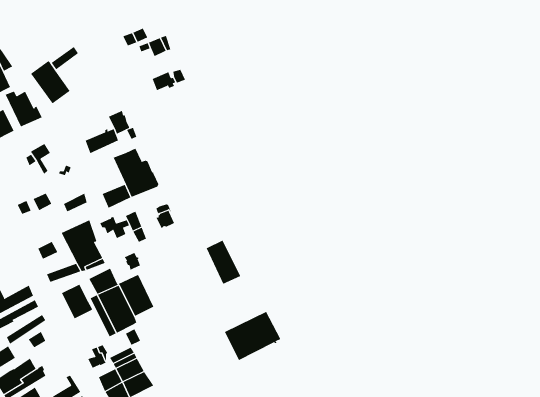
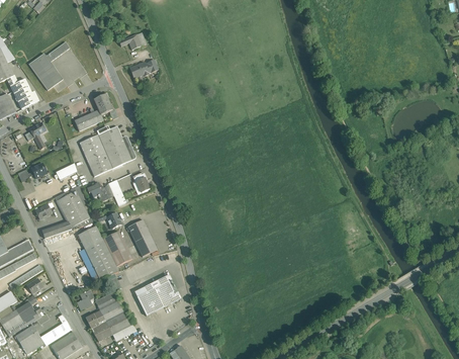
building: none -> [79,133,107,164]
building: [206,240,241,285] -> [127,218,157,256]
building: [61,284,93,319] -> none
building: [224,311,281,361] -> [133,274,181,316]

